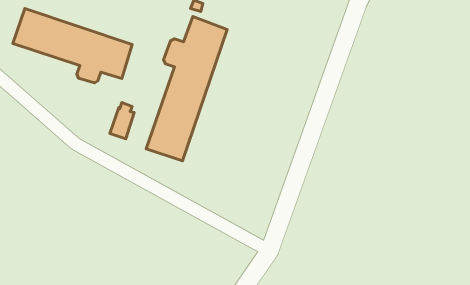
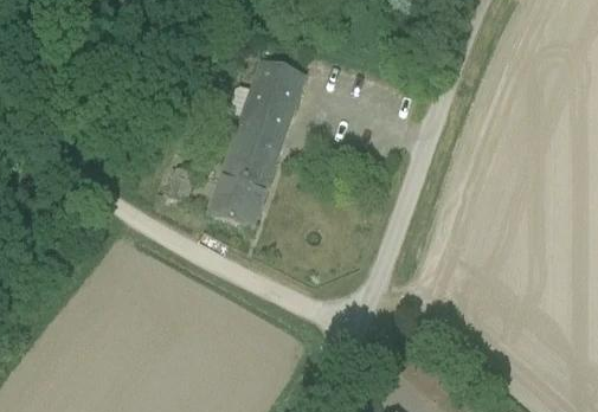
building: [13,8,132,83] -> none

